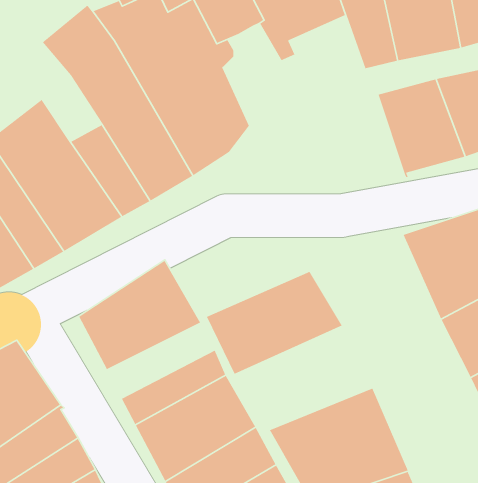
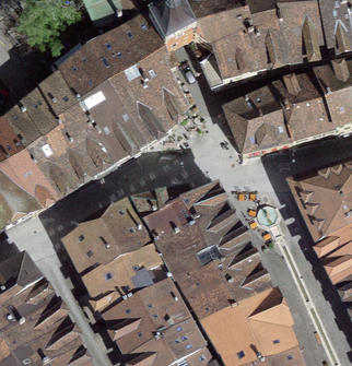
building: none -> [203,32,266,84]
building: none -> [42,73,83,119]
building: none -> [224,86,294,156]
building: none -> [132,184,227,240]
building: none -> [86,245,162,297]
building: none -> [175,247,271,319]

